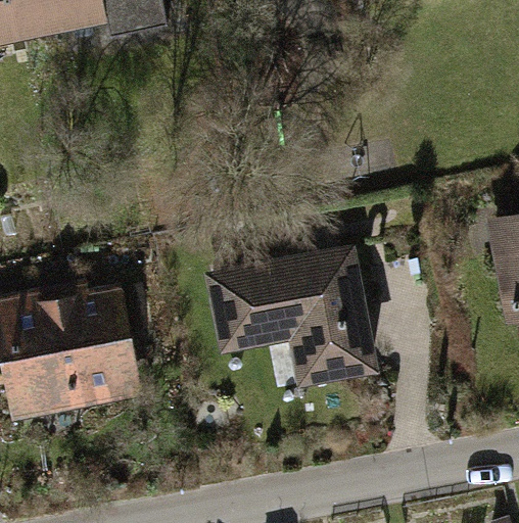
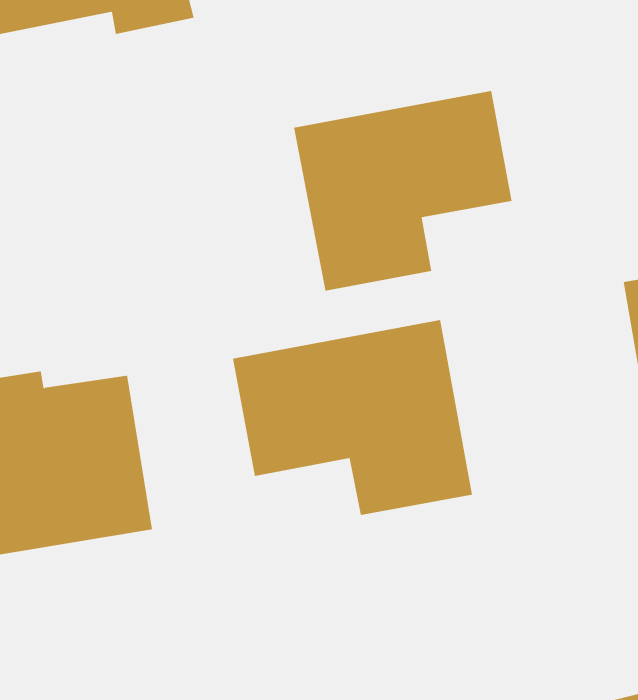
building: none -> [294,90,512,292]

